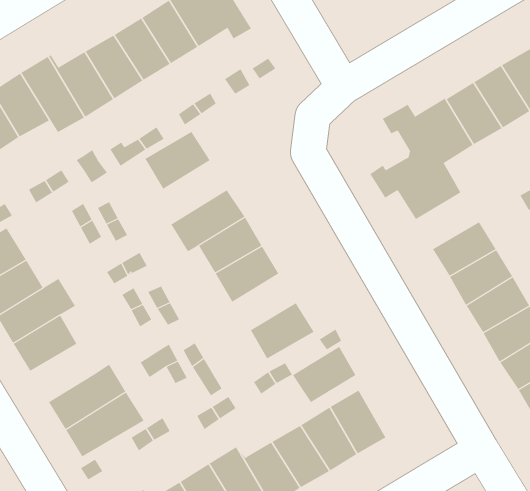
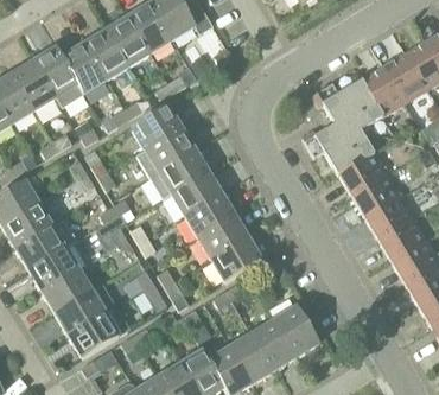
building: none -> [135,127,193,177]
building: none -> [339,152,389,196]
building: none -> [40,269,91,314]
building: [292,346,356,403] -> [197,215,247,259]

